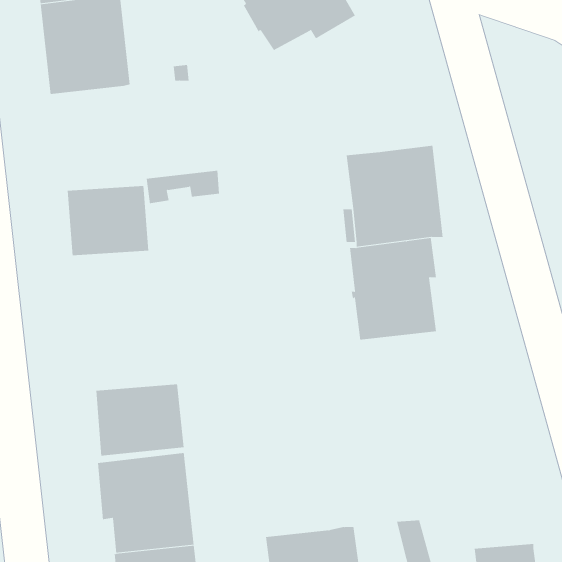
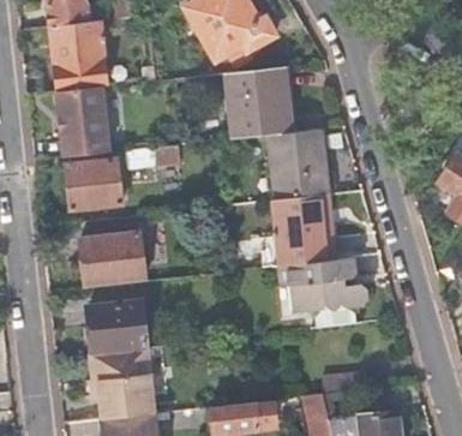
building: none -> [226,67,290,138]
building: none -> [55,85,114,157]
building: none -> [79,229,150,288]
building: none -> [276,258,368,313]

